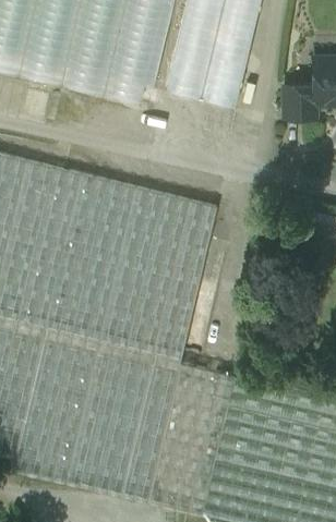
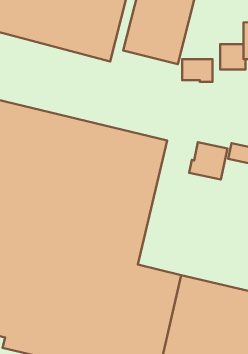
building: none -> [182,59,212,82]
building: none -> [189,142,227,179]

